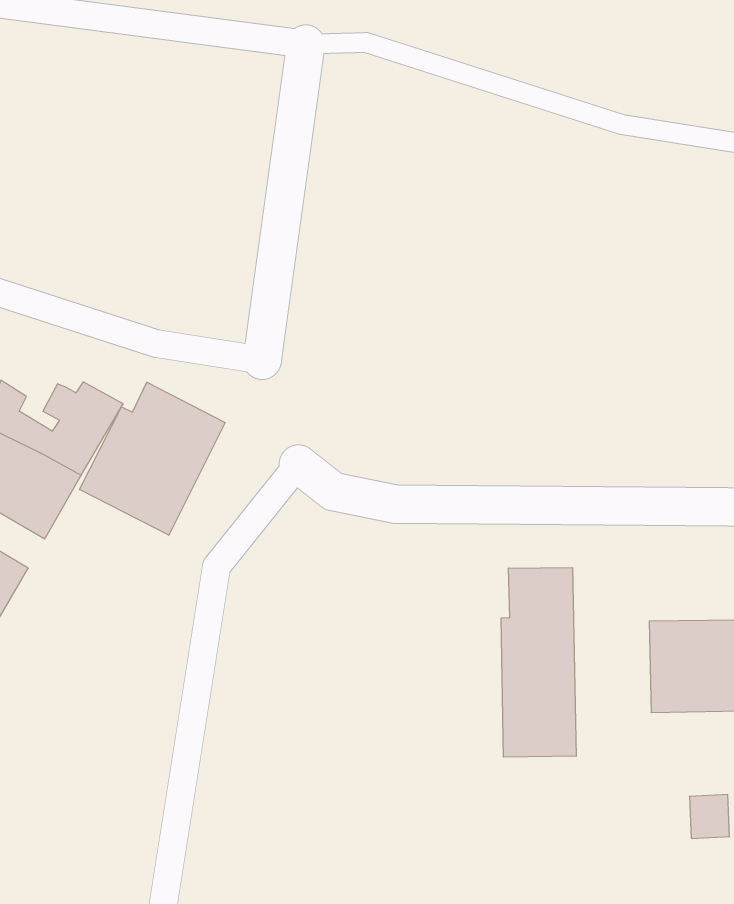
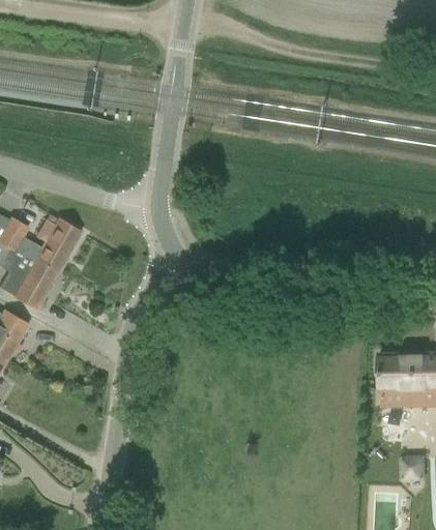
building: [79,382,225,535] -> none
building: [501,568,576,757] -> none

